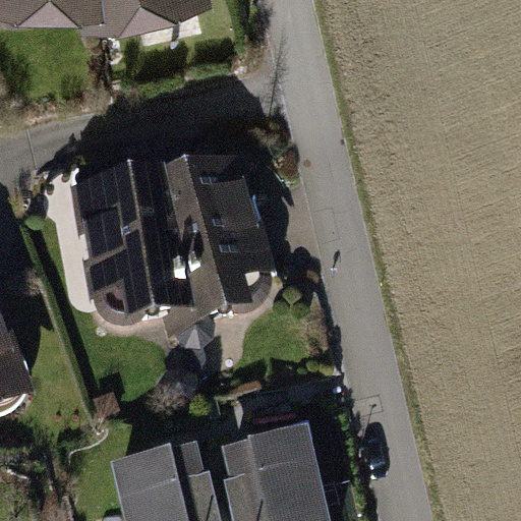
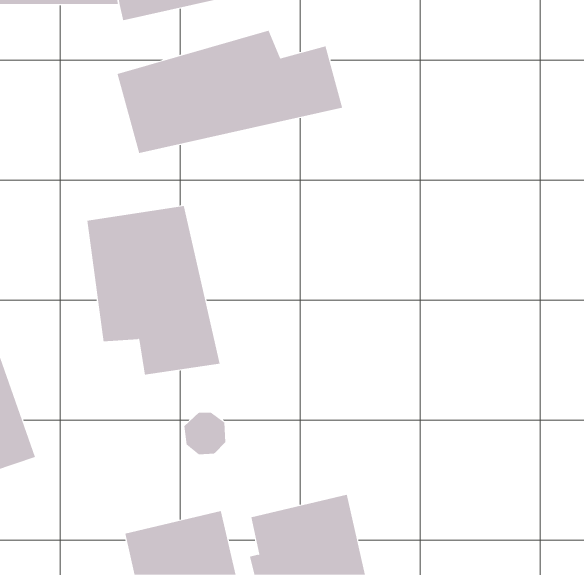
building: none -> [117,30,343,154]
building: [163,160,274,331] -> none

